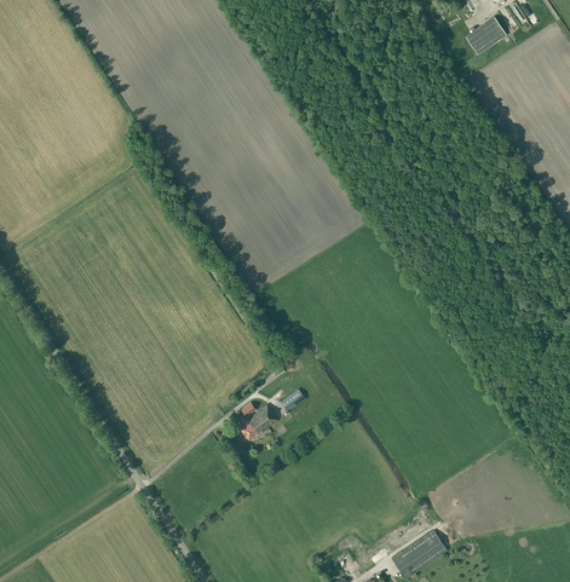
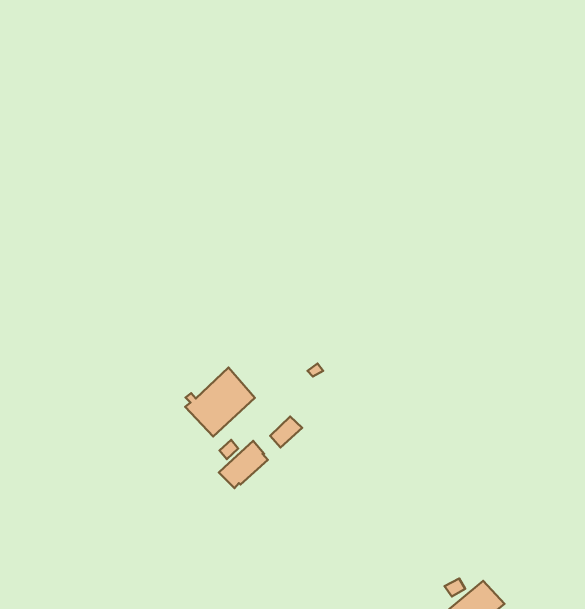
building: none -> [185,368,255,436]

